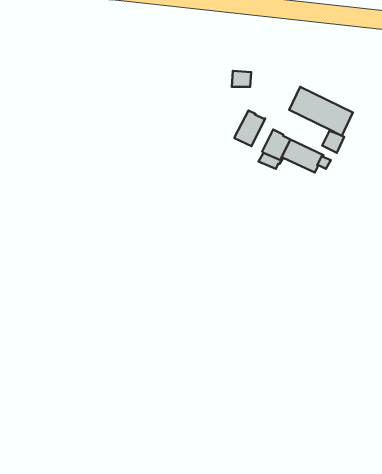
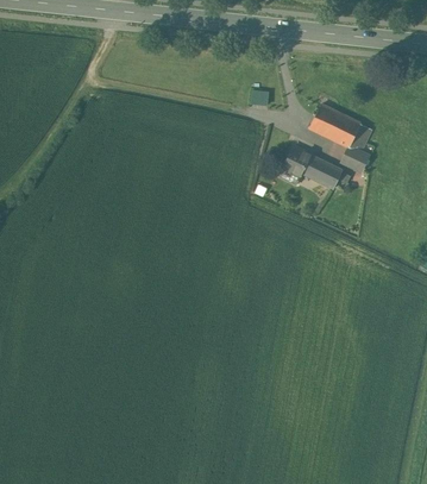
building: [235,110,265,146] -> none

